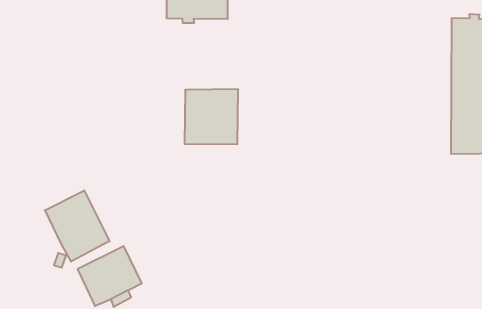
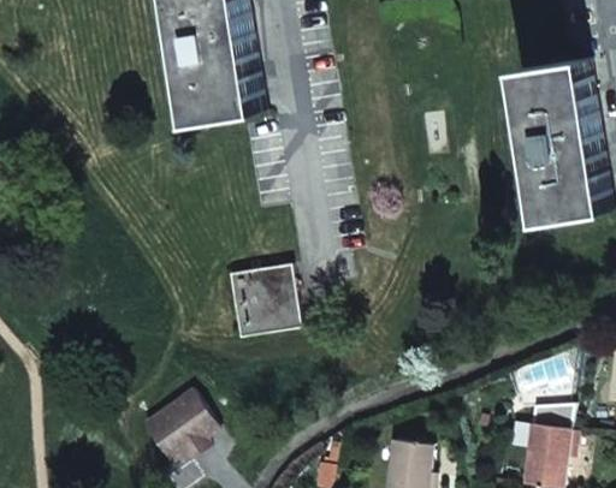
building: [185,89,238,144] -> [226,266,296,338]
building: [45,190,110,262] -> none

